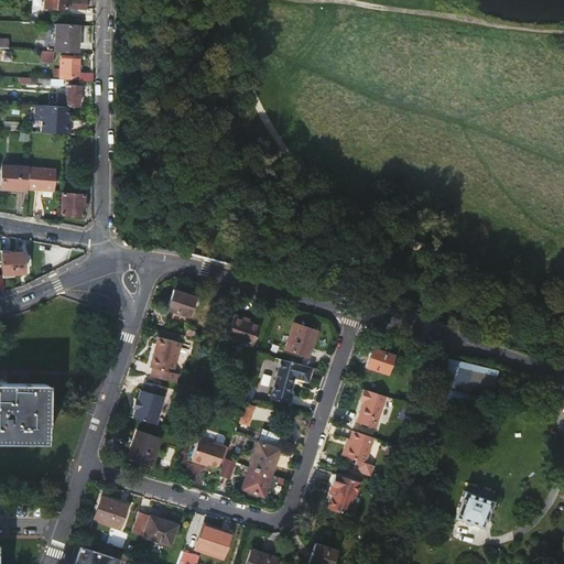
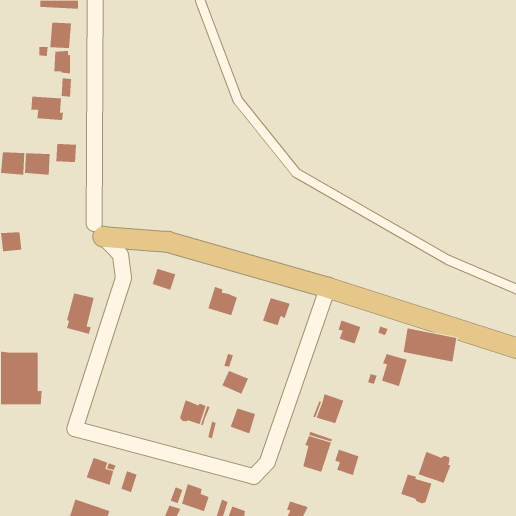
building: [62,195,85,216] -> [55,143,77,163]
building: [150,337,181,382] -> [66,293,95,334]
building: [271,358,311,403] -> none
building: [133,381,165,424] -> none
building: [359,389,388,425] -> [381,354,408,387]
building: [130,433,159,465] -> none
building: [243,466,273,498] -> none
building: none -> [334,449,359,476]
building: none -> [401,474,432,504]
building: [144,518,177,546] -> none

